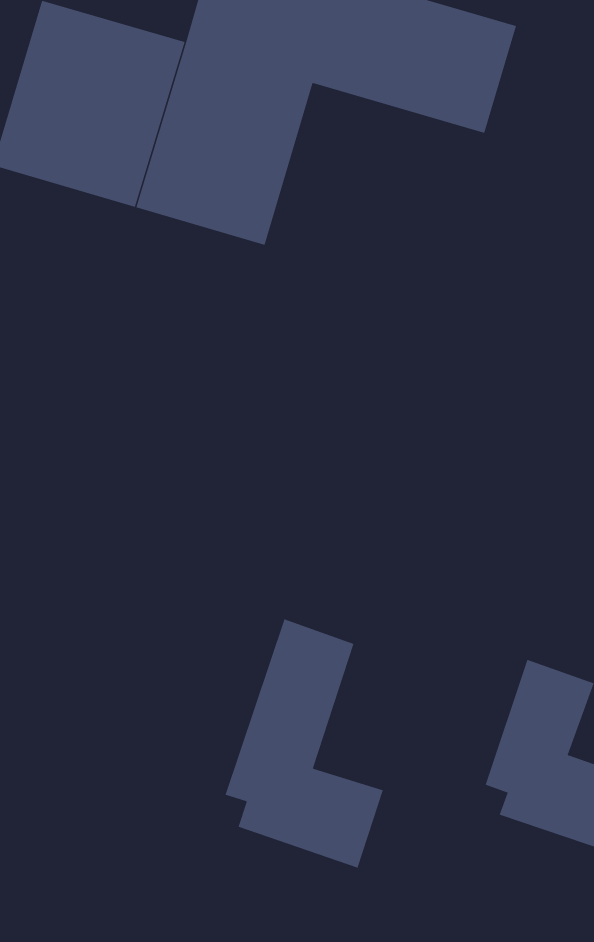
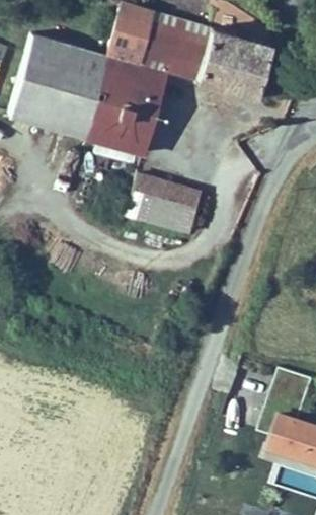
building: none -> [125,173,204,235]
building: [225,619,383,868] -> none

